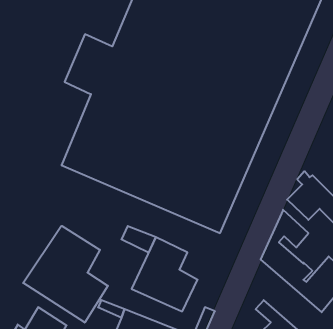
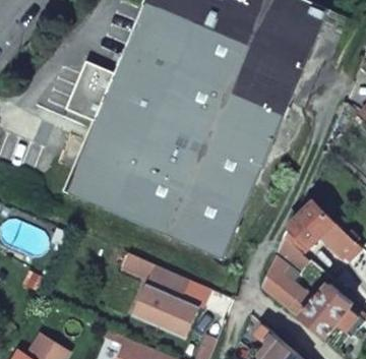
building: [23,226,108,323] -> none

